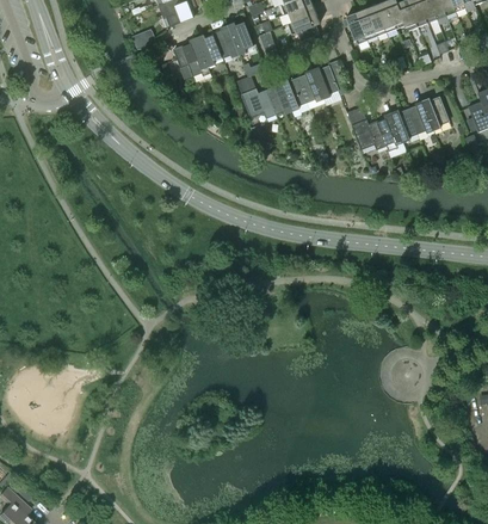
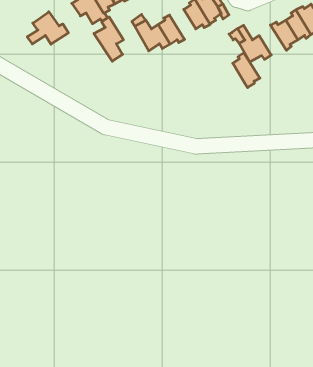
building: none -> [27,12,68,44]
building: none -> [94,17,123,61]
building: [280,79,309,113] -> none
building: [376,112,403,152] -> [233,53,260,88]

